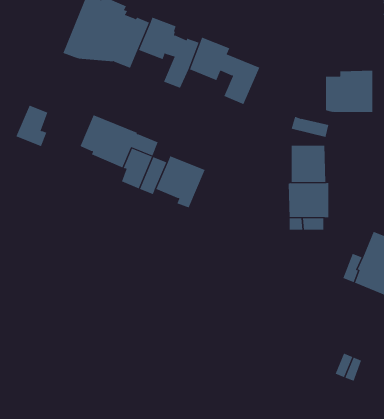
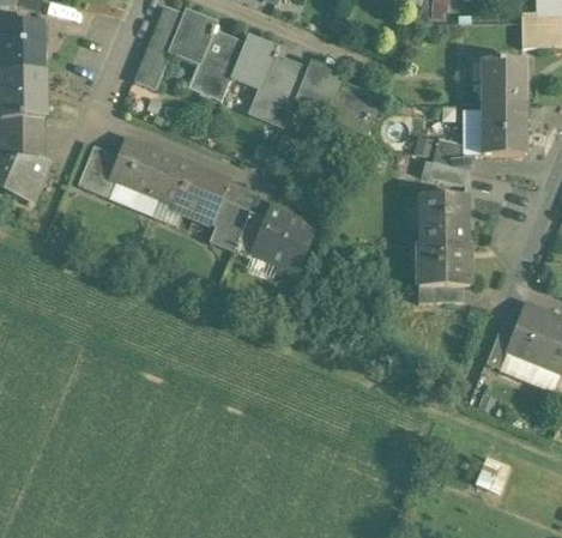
building: none -> [482,58,524,102]
building: none -> [109,135,174,213]
building: none -> [433,138,473,169]

